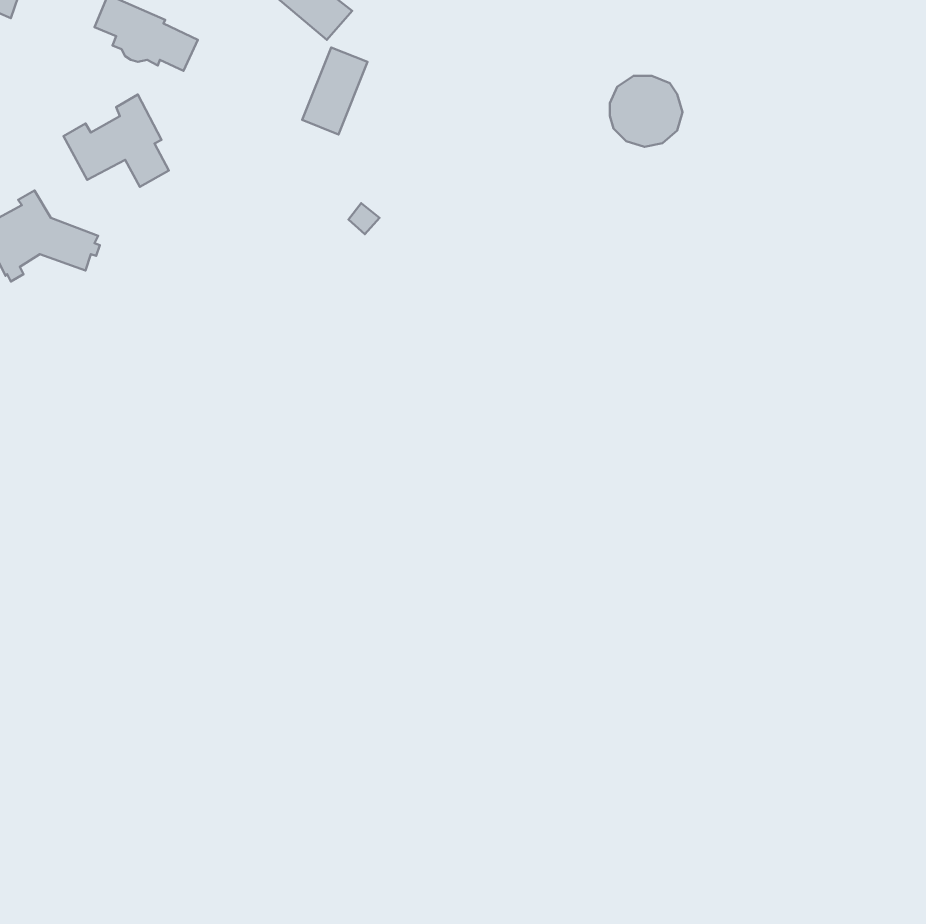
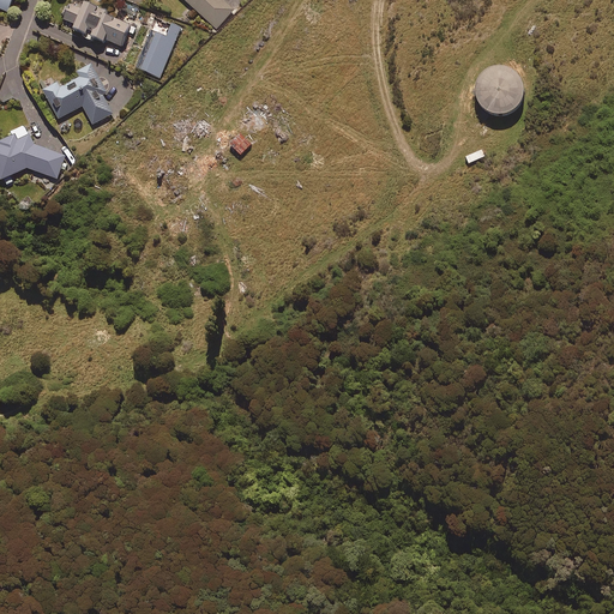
building: [302,47,368,134] -> [136,19,179,77]
building: [610,76,683,147] -> [475,65,523,112]

